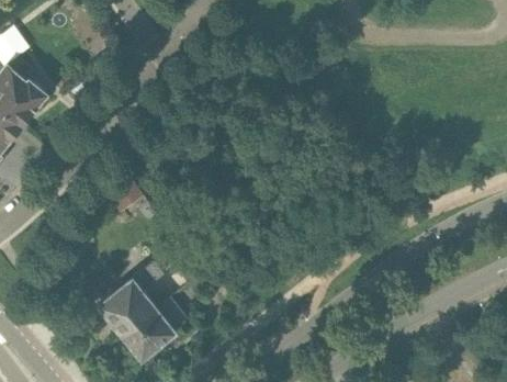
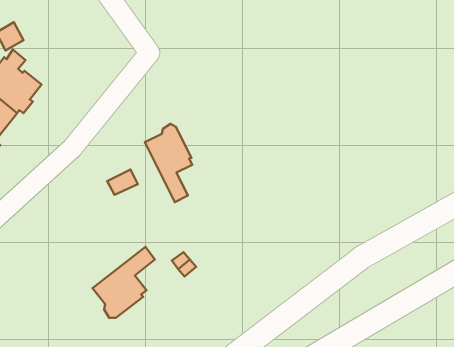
building: none -> [145,124,192,202]
building: [123,296,185,358] -> none

